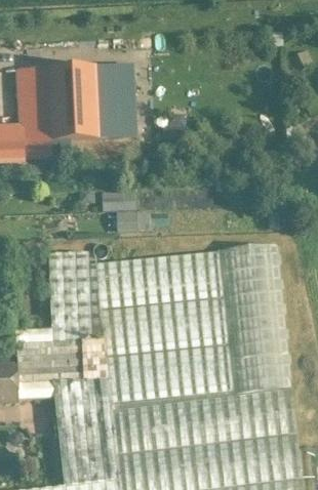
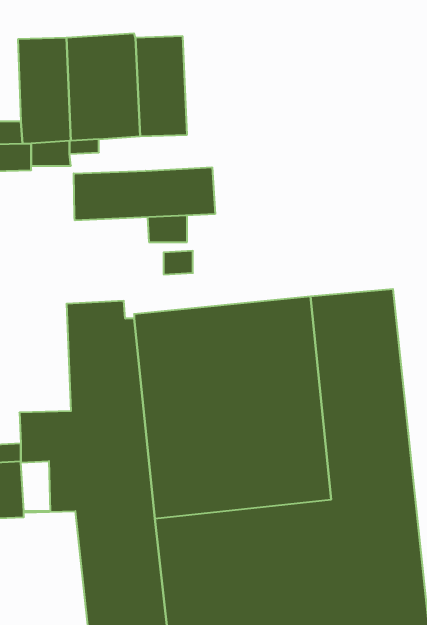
building: none -> [74,167,215,220]
building: [17,364,38,399] -> none

